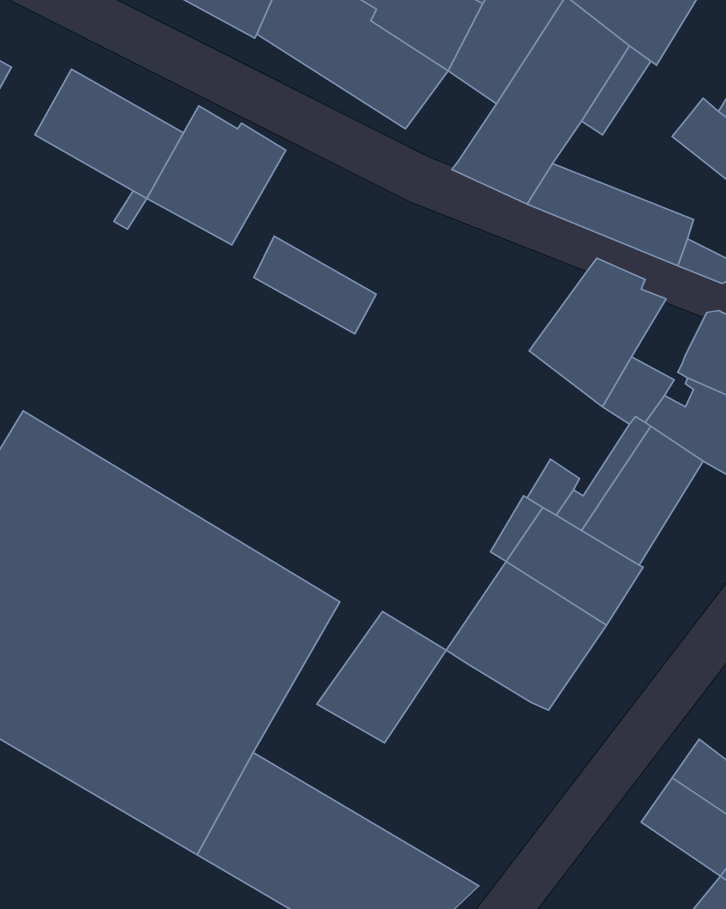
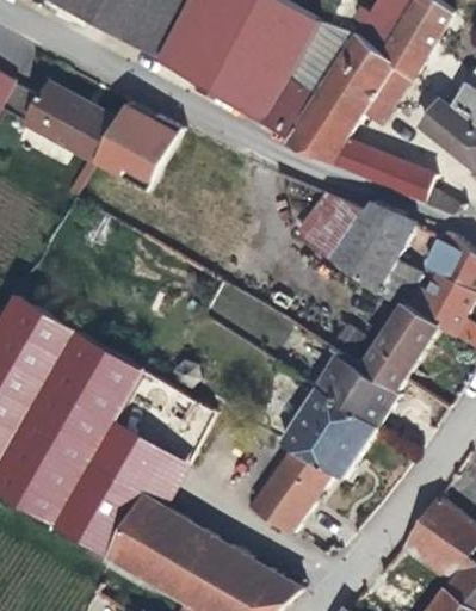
building: none -> [255,84,311,140]
building: [254,236,376,334] -> none
building: none -> [298,193,366,257]
building: [317,612,446,743] -> [253,450,333,531]

